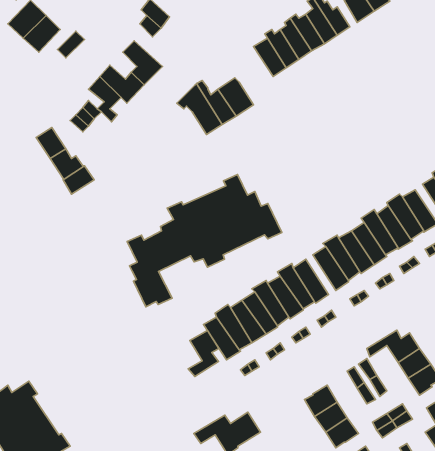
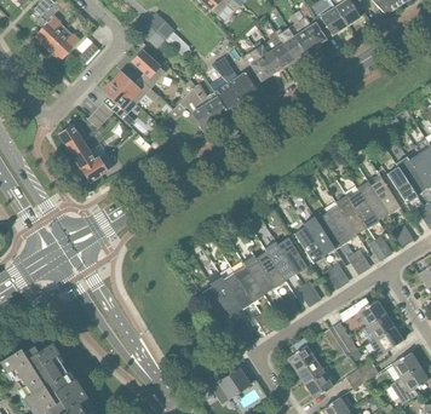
building: none -> [212,57,260,105]
building: [127,174,282,307] -> none
building: [188,331,219,376] -> none

